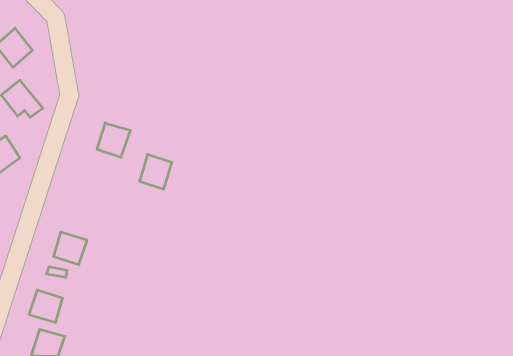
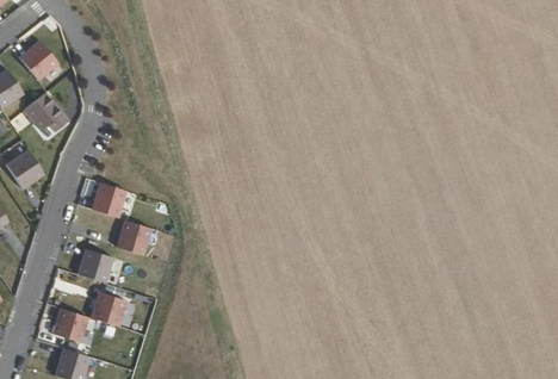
building: [97,123,131,157] -> [92,181,126,217]
building: [139,154,172,189] -> [117,219,150,255]
building: none -> [91,292,125,327]

